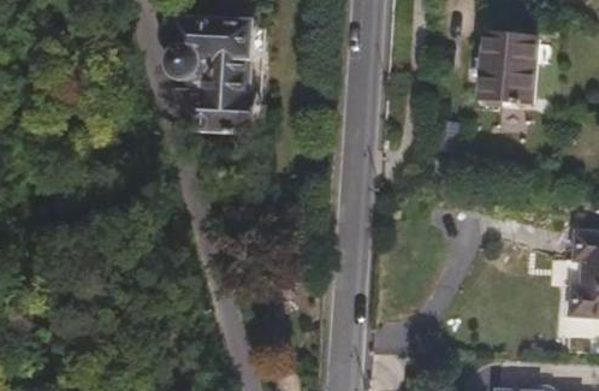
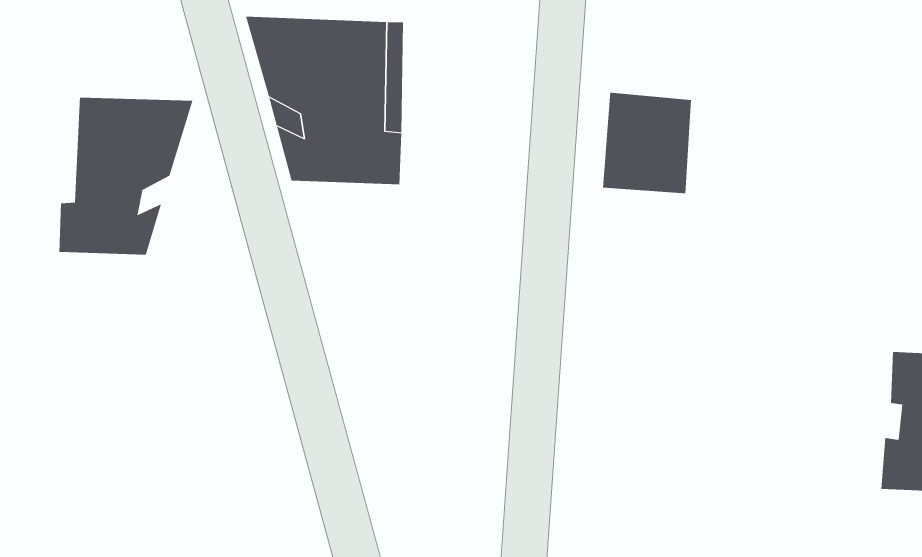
building: [481,32,538,96] -> [602,92,692,194]
building: none -> [59,97,193,256]

